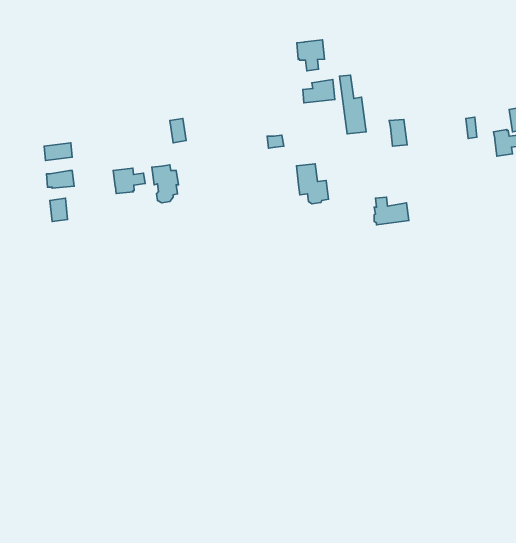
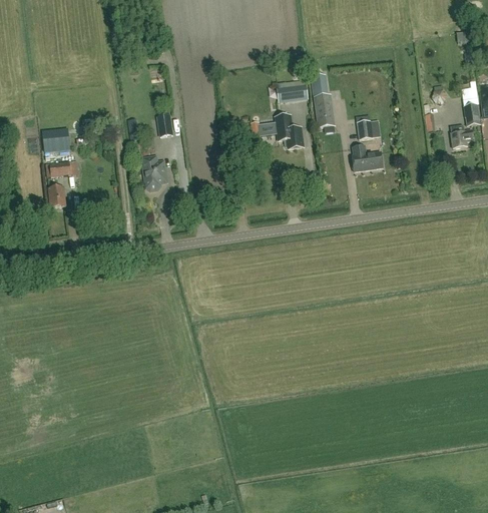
building: [297,40,325,71] -> none
building: [296,164,329,204] -> [275,112,304,148]
building: [113,168,145,193] -> none
building: [374,197,409,225] -> [353,147,384,172]

